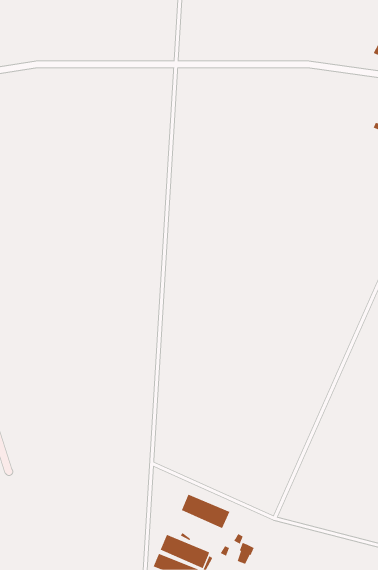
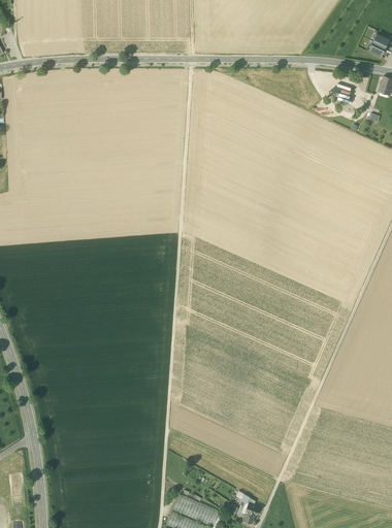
building: [181,494,230,529] -> none

